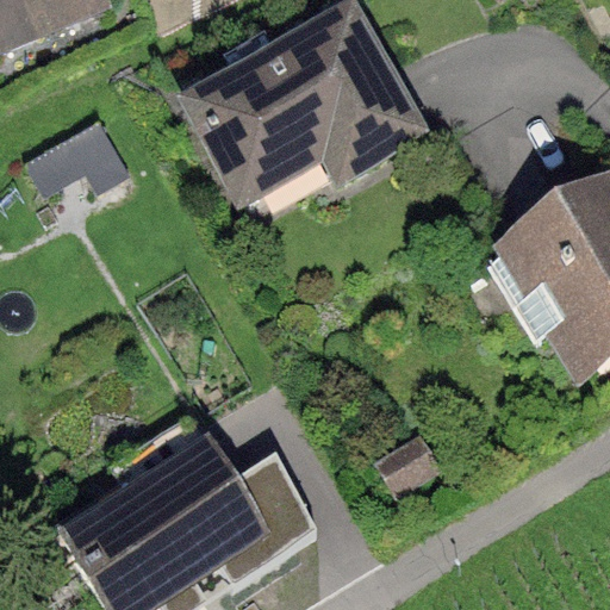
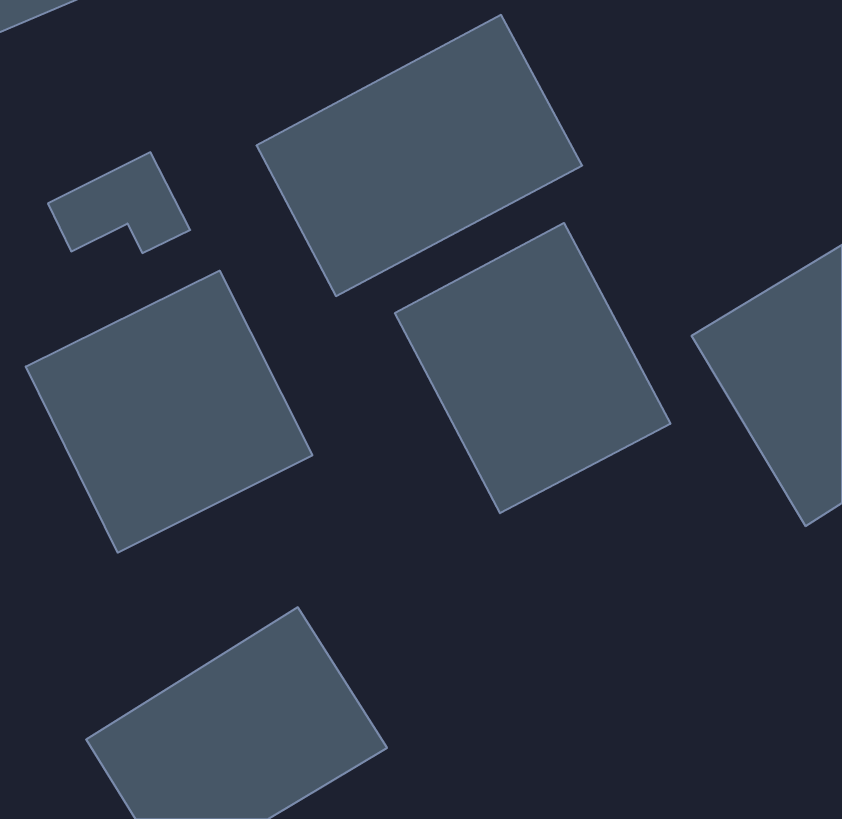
building: none -> [395,223,670,513]
building: none -> [26,271,312,553]

